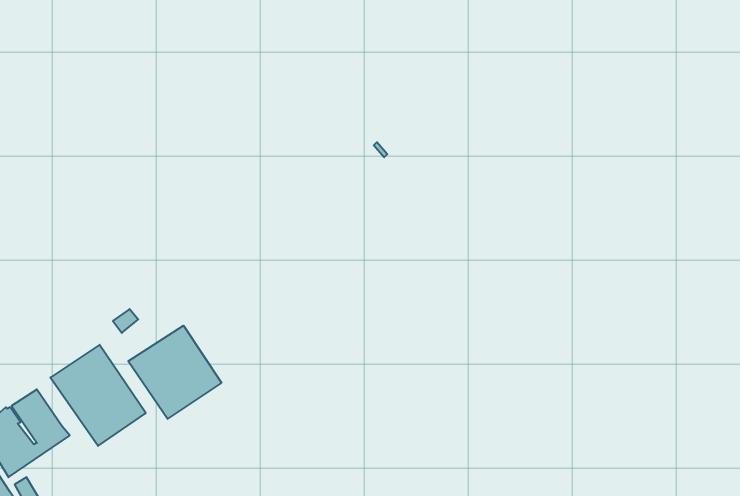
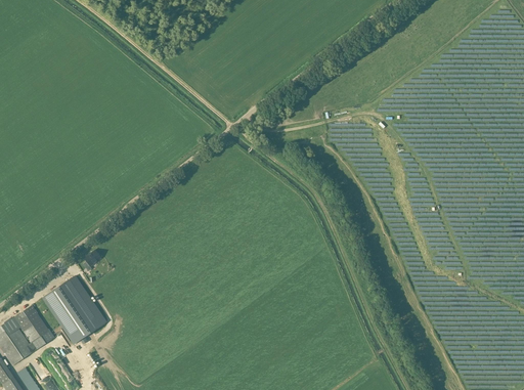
building: [128,326,221,419] -> none

